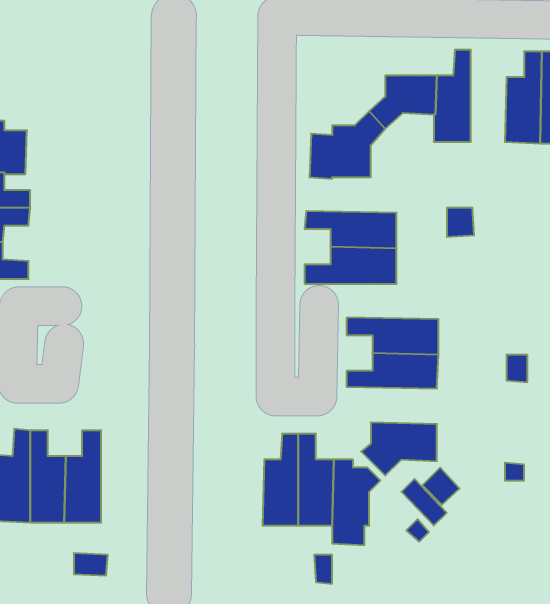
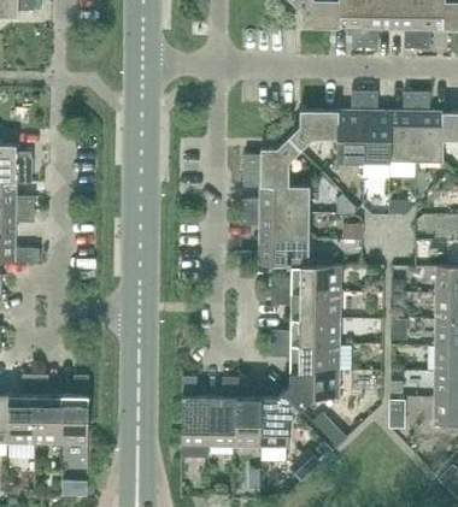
building: none -> [364,92,391,160]
building: none -> [241,185,310,213]
building: none -> [271,265,340,293]
building: none -> [270,343,339,371]
building: none -> [181,377,210,456]

